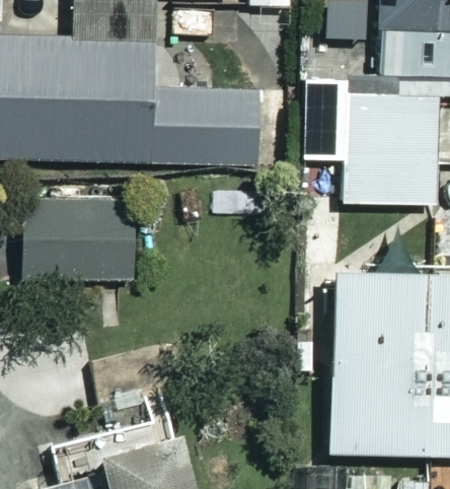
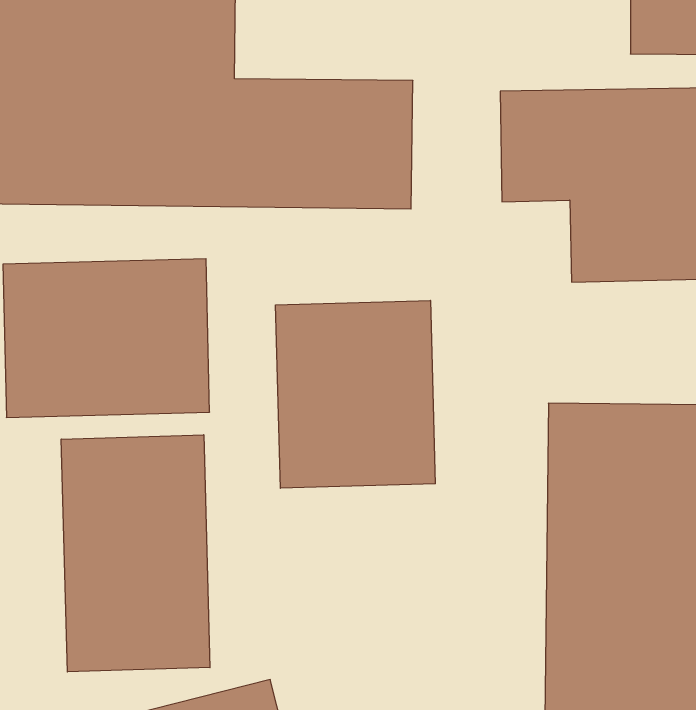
building: none -> [276,300,435,488]
building: none -> [61,435,210,672]

